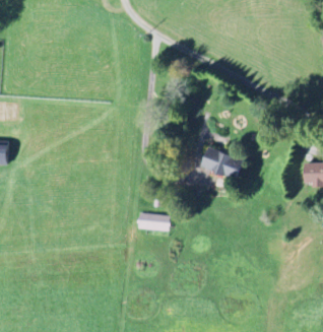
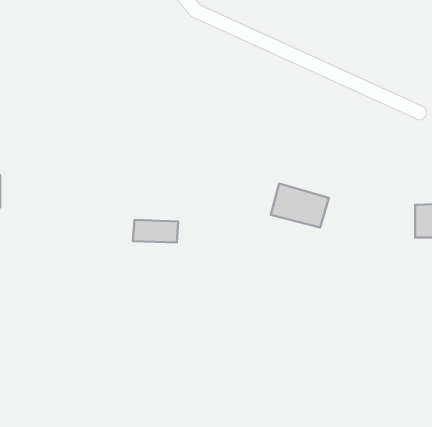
building: [138,213,171,229] -> [133,220,178,243]

